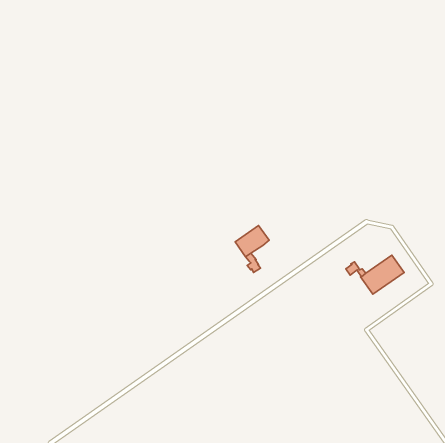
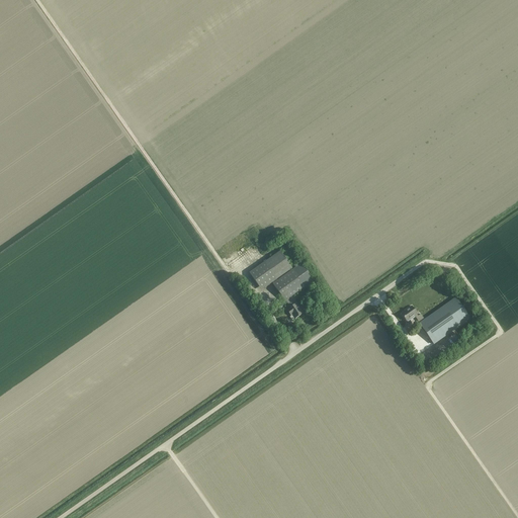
building: none -> [252,250,291,285]

